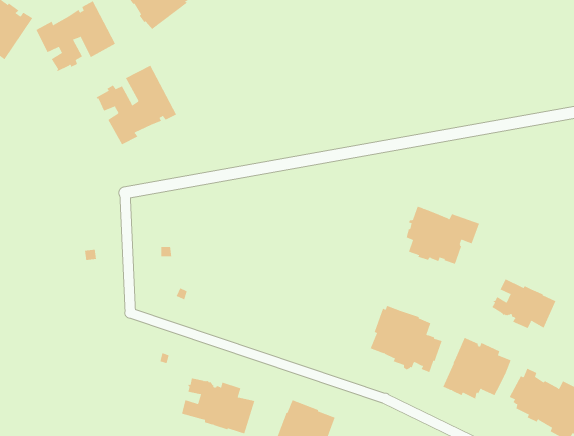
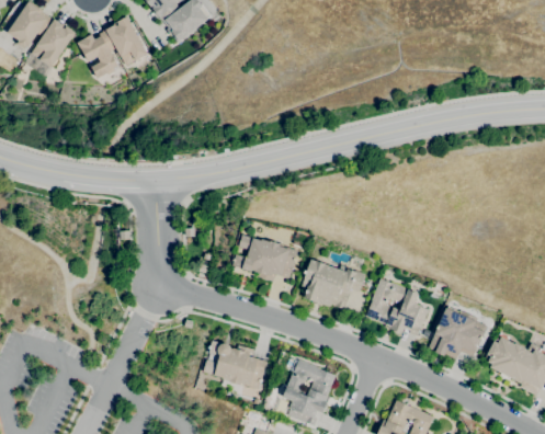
building: [96,65,177,145] -> none
building: [406,206,480,264] -> [303,259,366,309]
building: none -> [234,235,299,282]
building: [492,278,556,329] -> none

